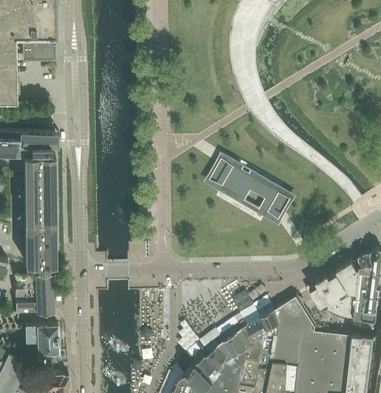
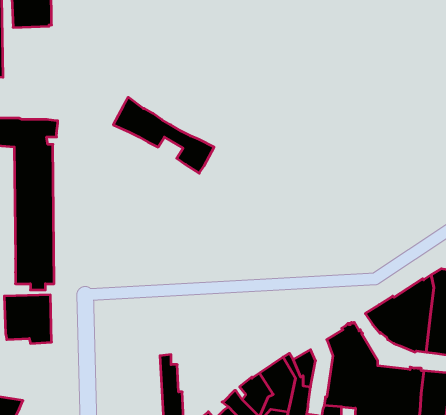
building: [210,160,291,221] -> [113,97,214,173]
building: [259,305,280,366] -> none
building: [25,325,59,366] -> none

